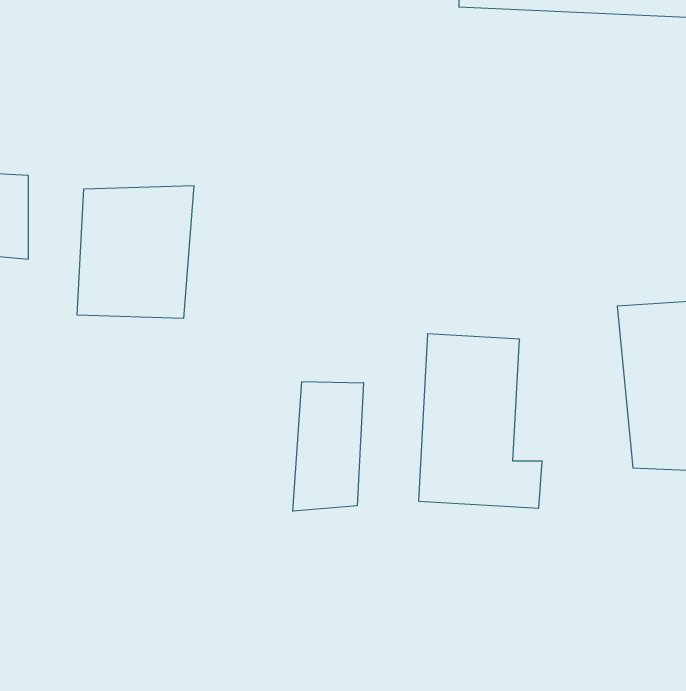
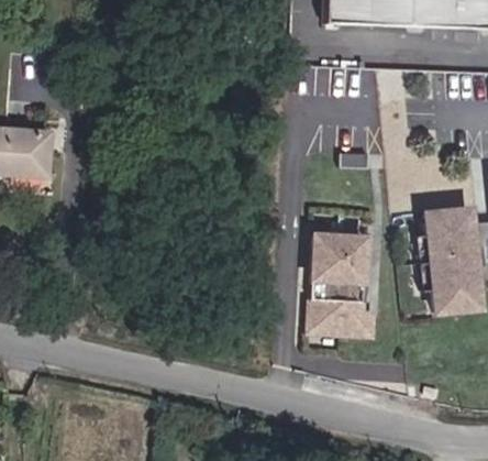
building: [77,186,194,318] -> none
building: [293,382,364,511] -> none

